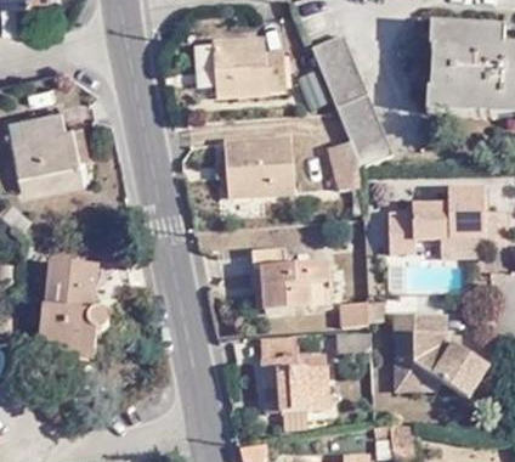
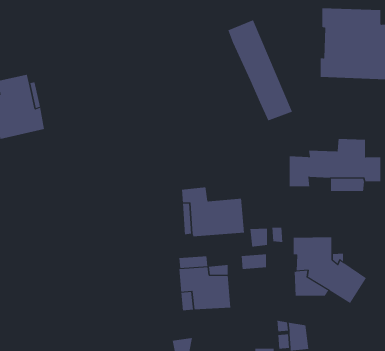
building: [211,41,283,95] -> none
building: [227,142,298,198] -> none
building: [329,142,363,188] -> none
building: [36,263,107,355] -> none

